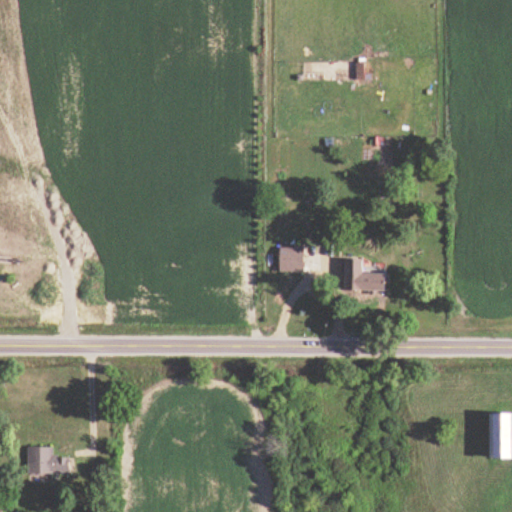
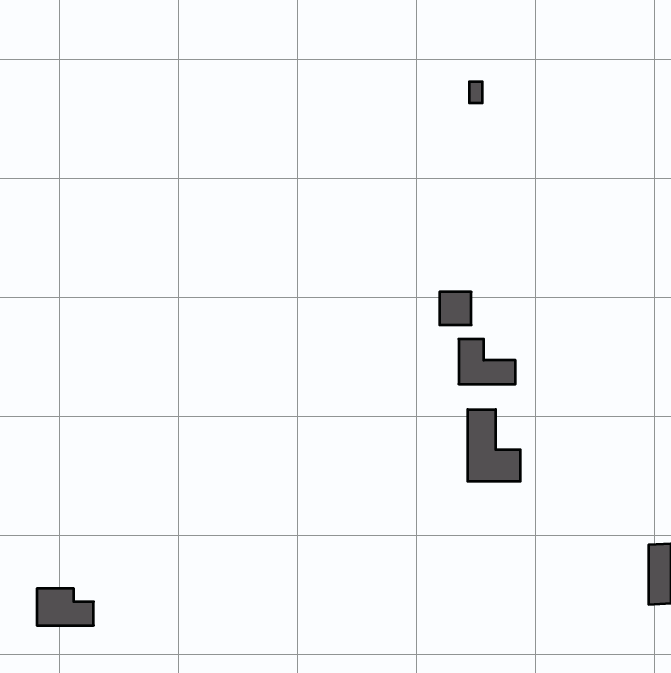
building: [281,247,305,272] -> [440,292,471,325]
building: none -> [468,409,520,481]

